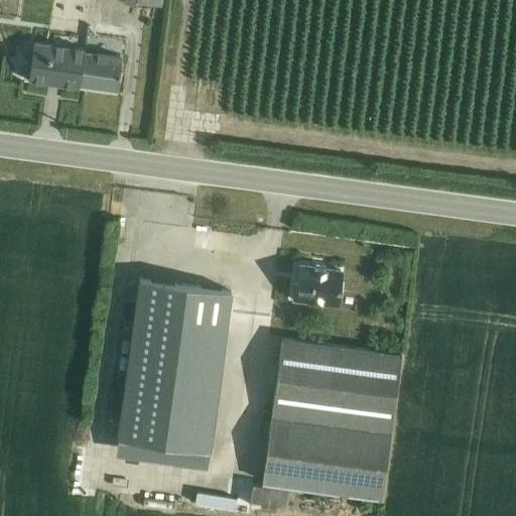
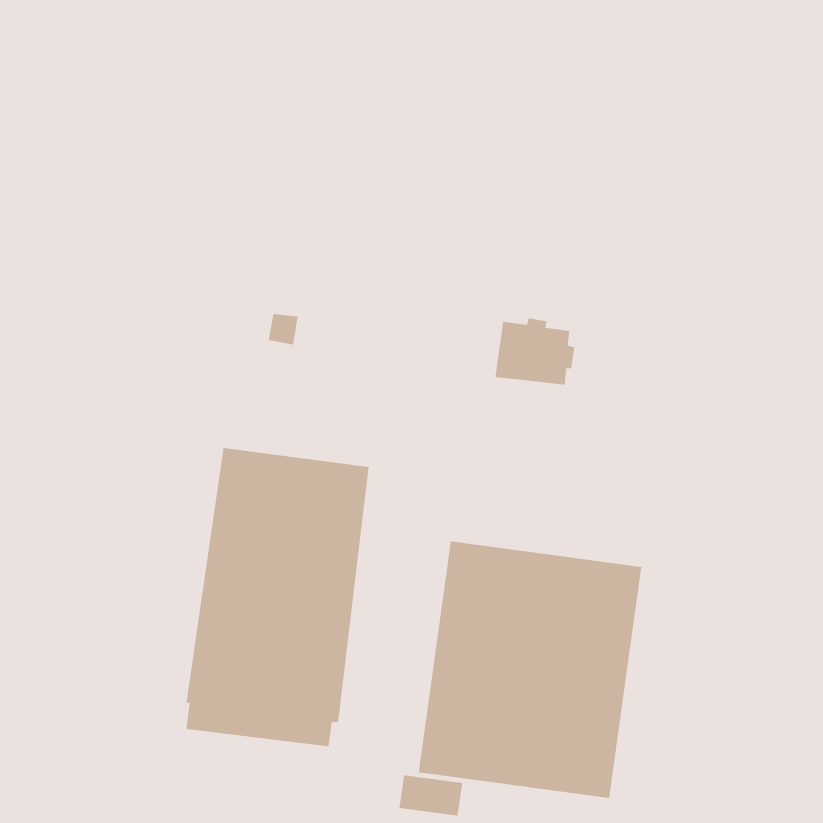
building: [28,43,122,93] -> none
building: [294,264,345,306] -> [494,318,575,385]

